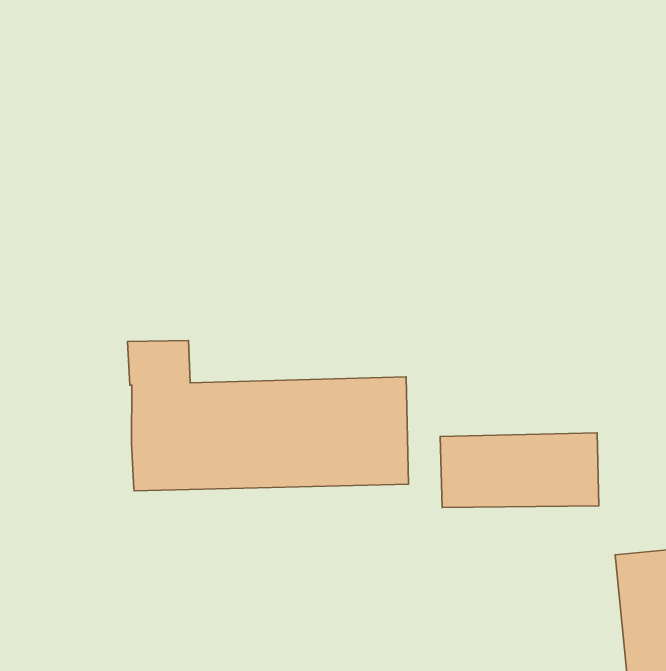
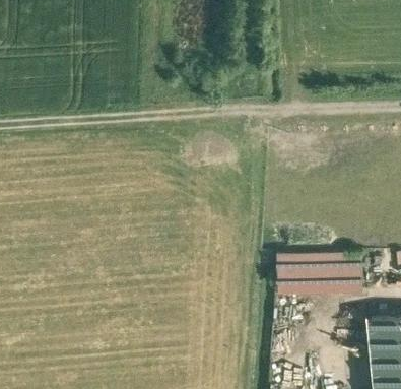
building: [128,341,409,491] -> none

